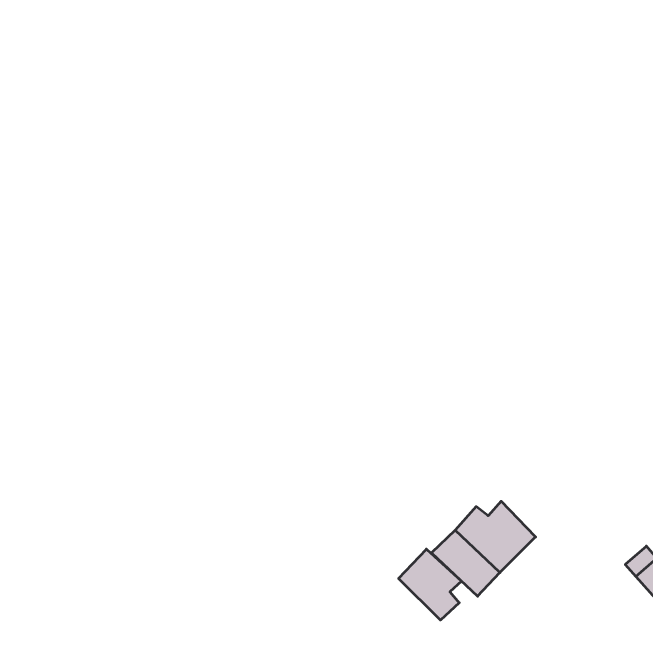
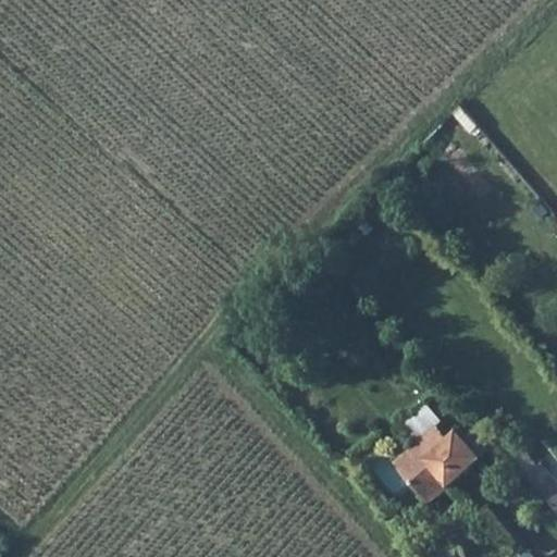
building: [399,549,461,620] -> none

